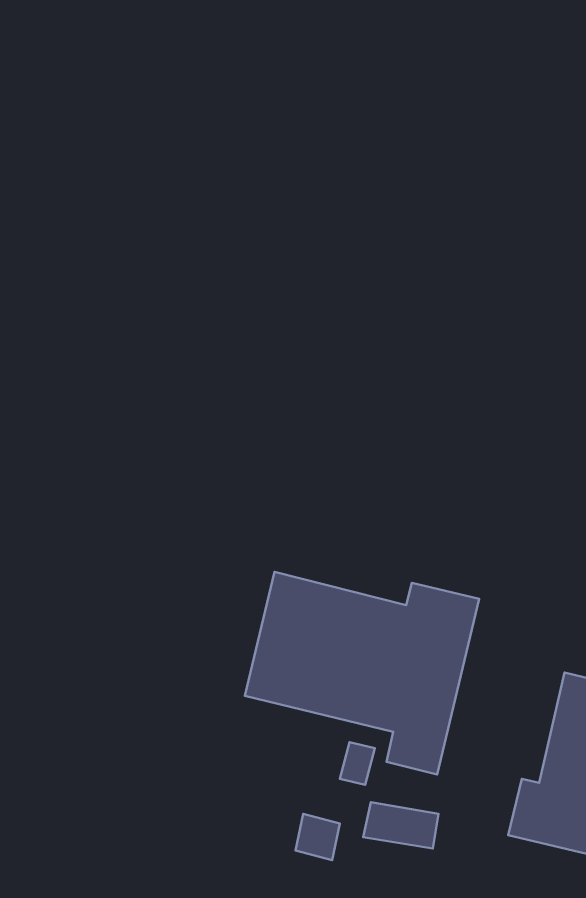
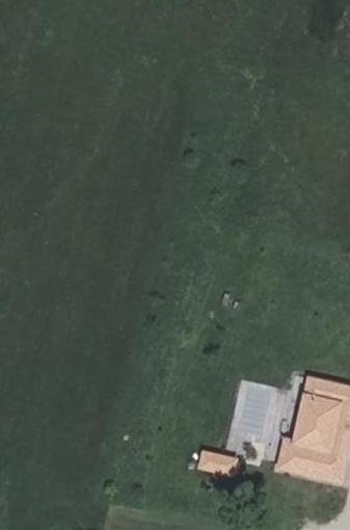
building: [245,572,479,775] -> none

